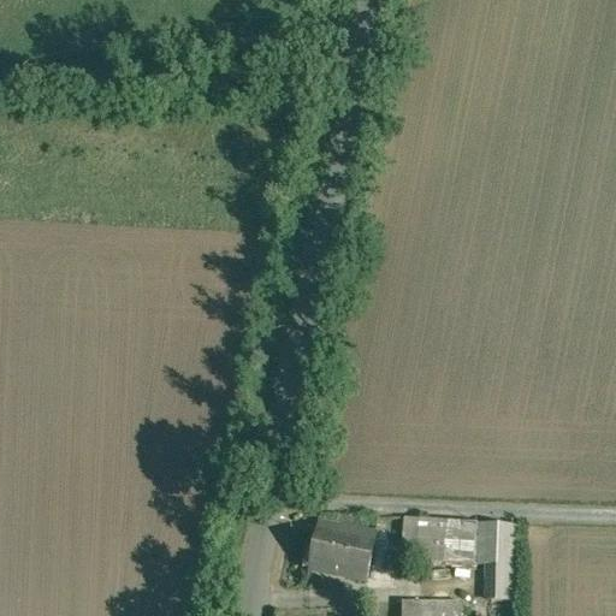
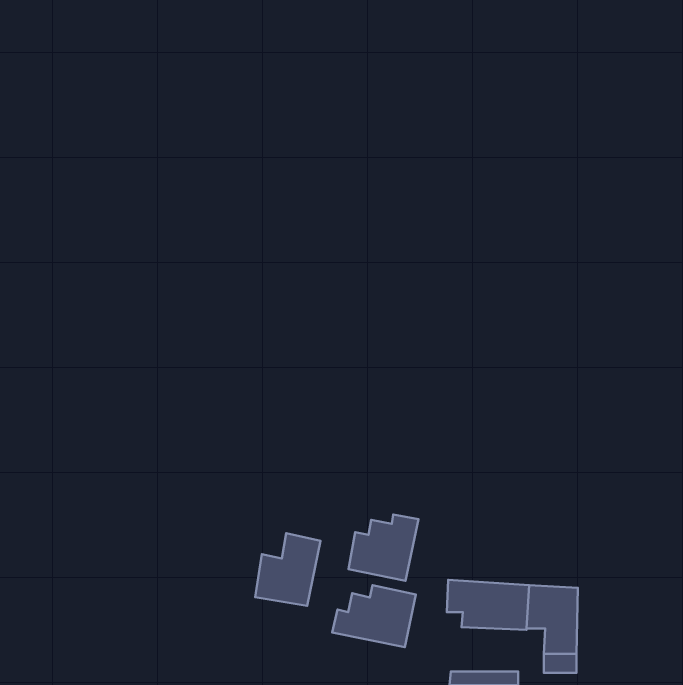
building: none -> [348,515,418,581]
building: none -> [255,533,320,606]

